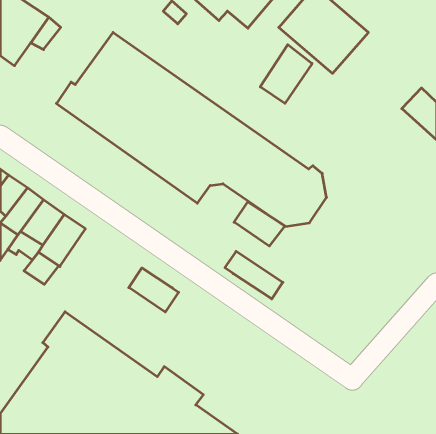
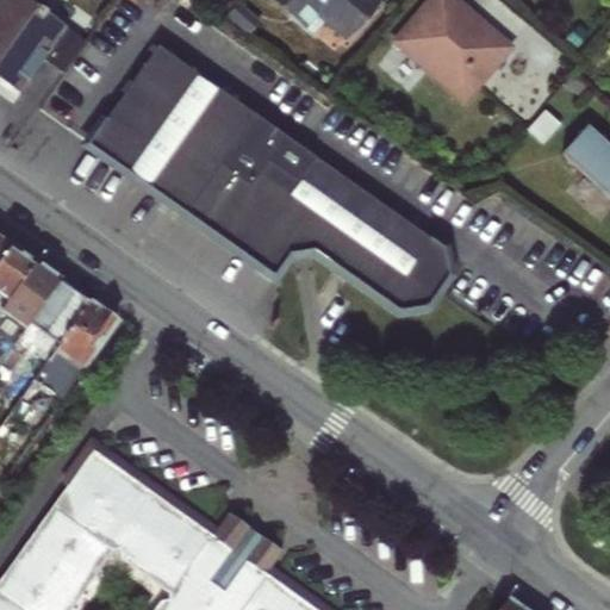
building: [260,45,312,103] -> none
building: [234,202,285,246] -> none
building: [225,251,283,299] -> none
building: [129,268,179,312] -> none

